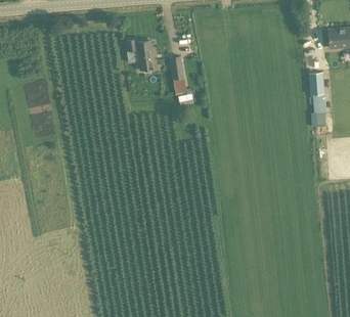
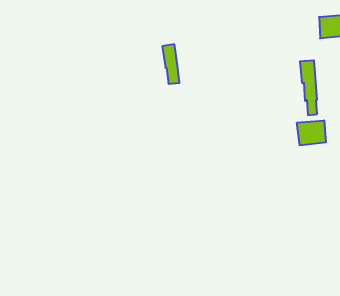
building: [126,39,155,70] -> none
building: none -> [297,120,326,145]

